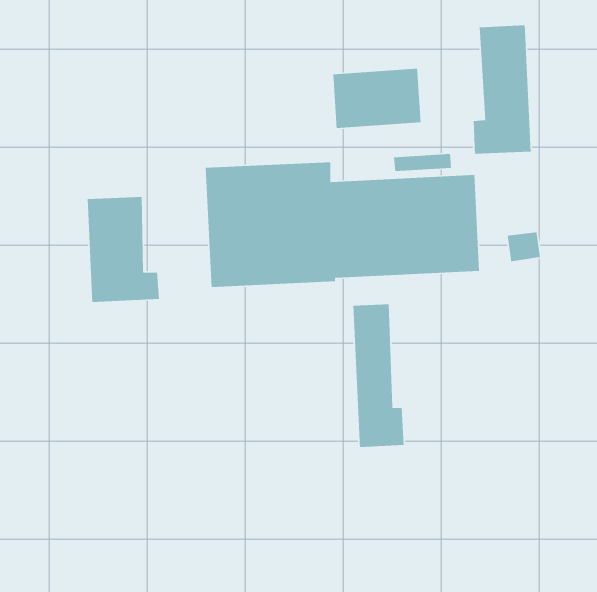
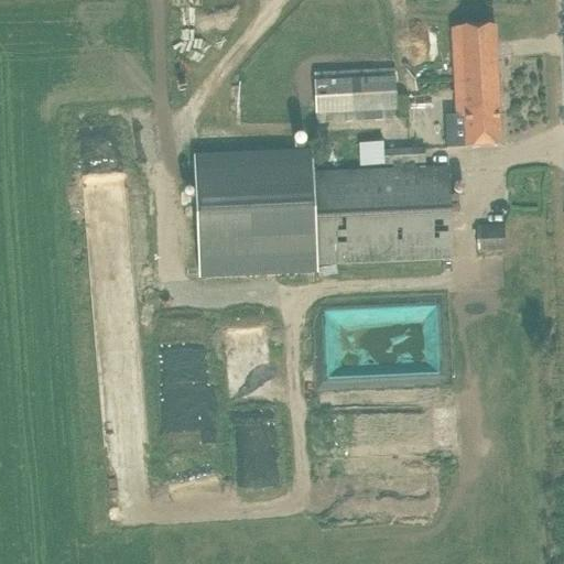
building: [87,196,160,303] -> none
building: [352,304,404,448] -> none

